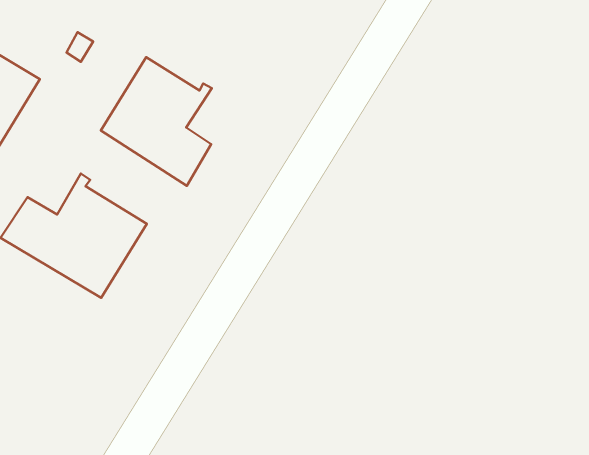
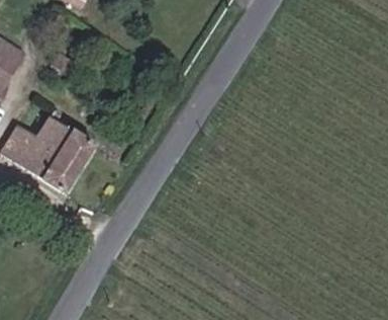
building: [101,57,212,186] -> none

